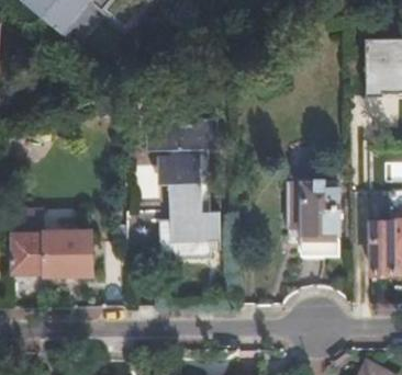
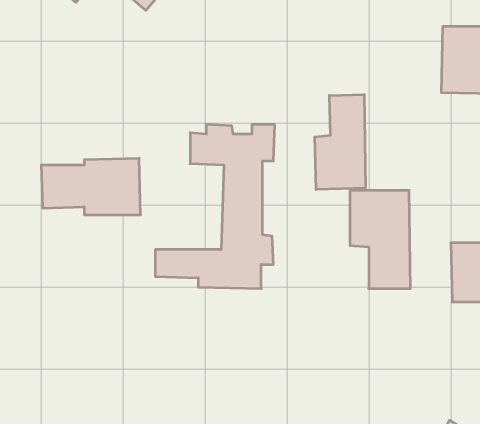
building: none -> [315,94,365,190]
building: [9,226,90,272] -> [41,158,141,215]

